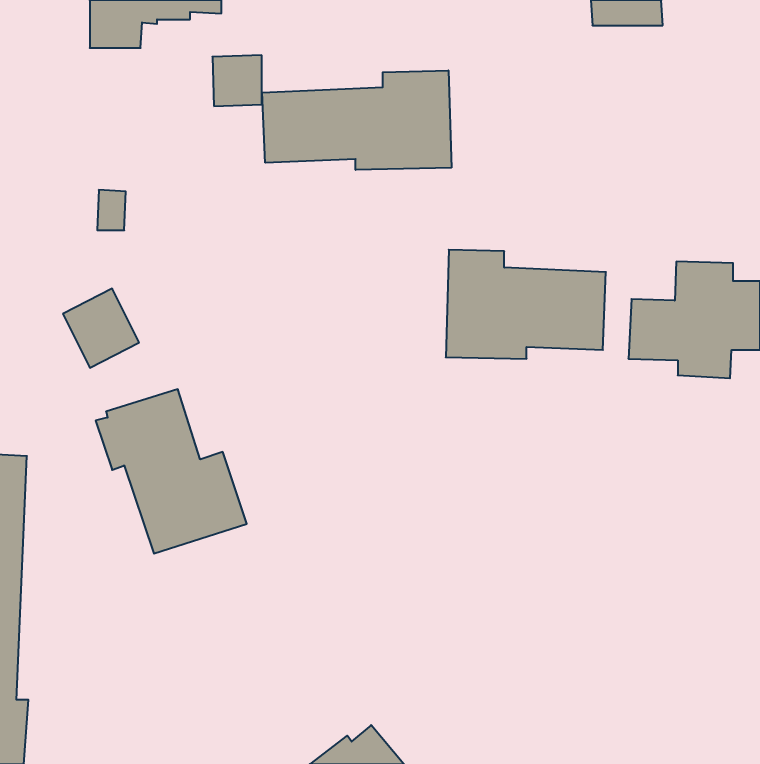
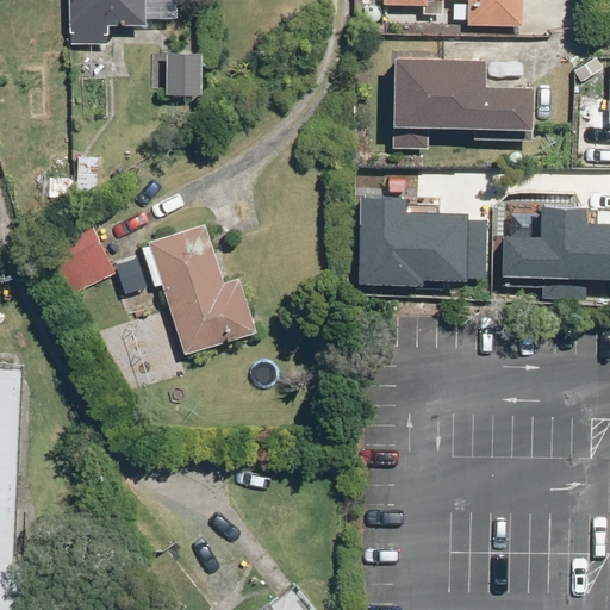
building: [262,70,451,170] -> none
building: none -> [388,61,530,130]
building: [96,389,247,554] -> [139,223,260,354]

